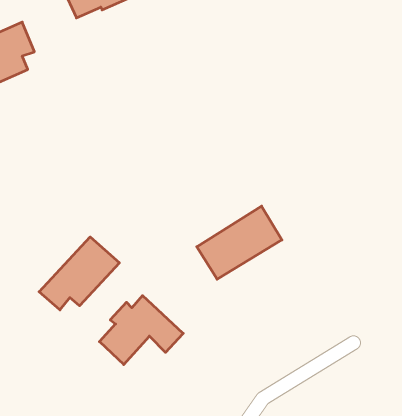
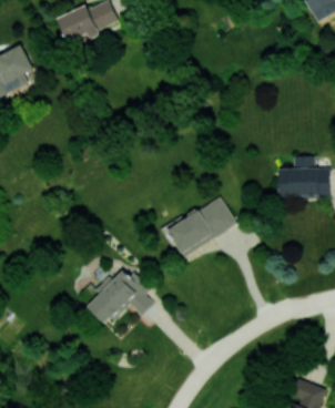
building: none -> [278,155,329,197]
building: [39,237,119,310] -> none

